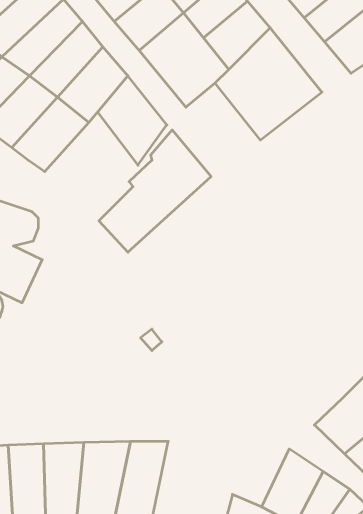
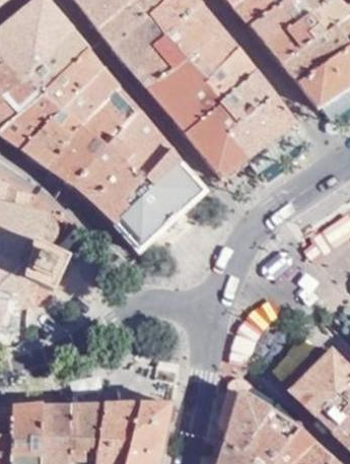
building: none -> [185,114,244,178]
building: none -> [71,137,146,224]
building: none -> [222,391,268,455]

